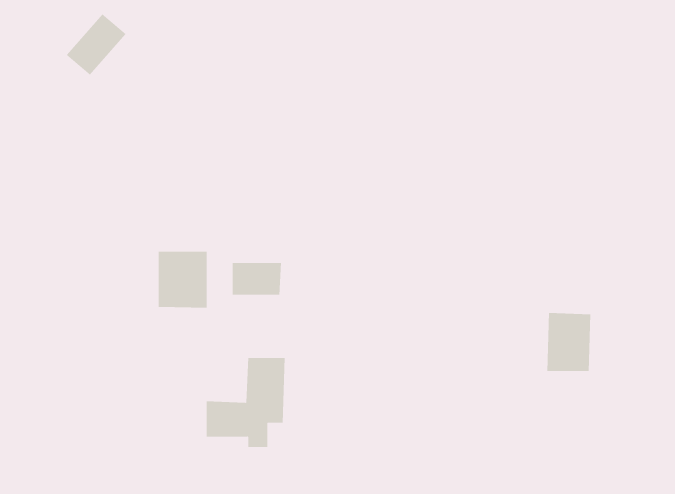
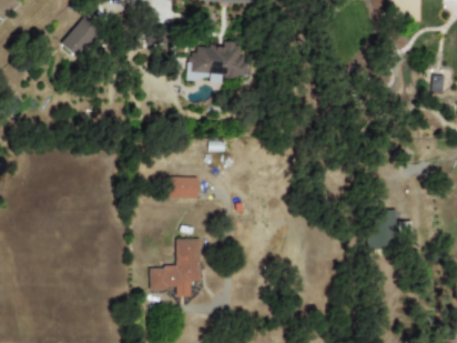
building: none -> [186,43,246,82]
building: [158,251,207,309] -> none

